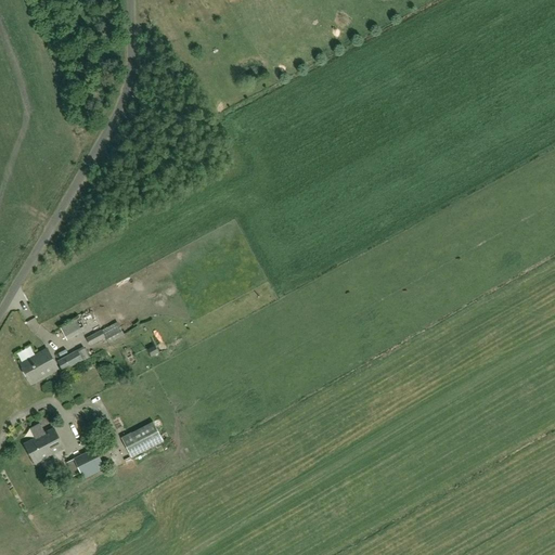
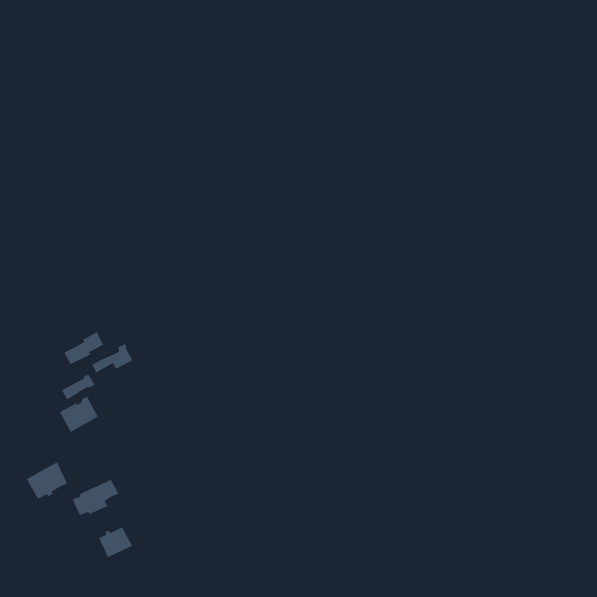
building: [20,348,56,383] -> [59,396,99,433]
building: [120,421,162,456] -> none
building: none -> [98,526,133,558]

